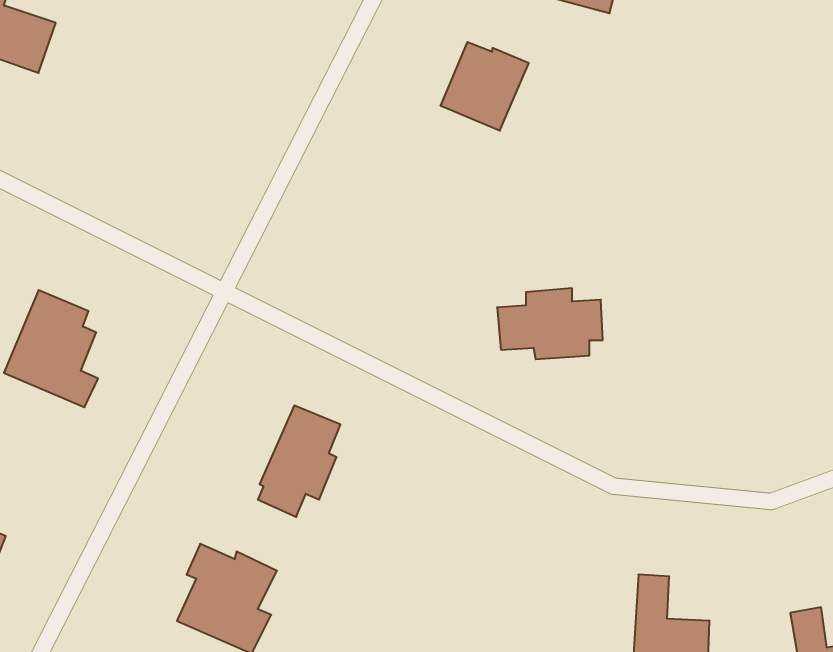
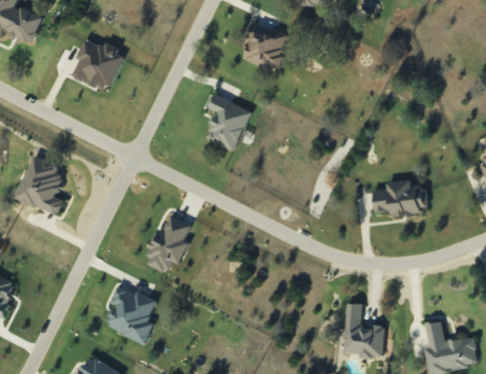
building: none -> [71,37,124,90]
building: none -> [205,93,252,150]
building: [497,288,603,359] -> [372,179,427,217]

